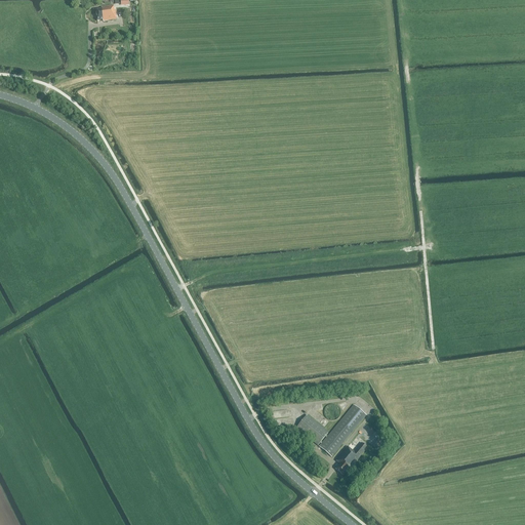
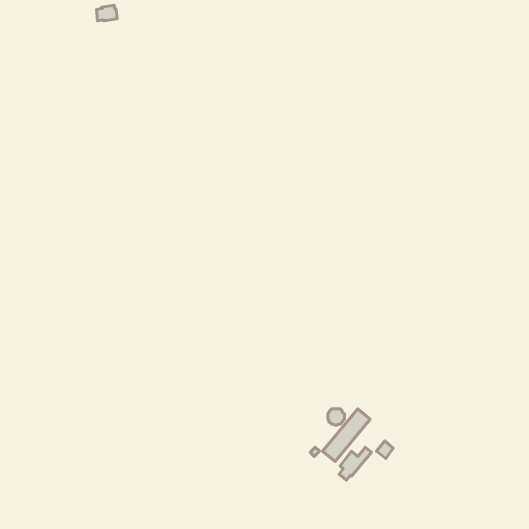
building: [297,414,329,445] -> none

